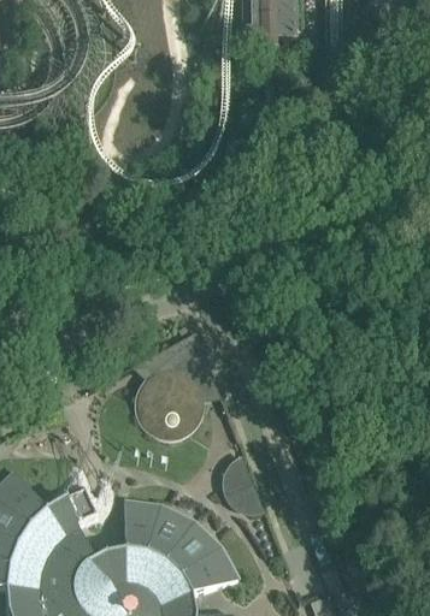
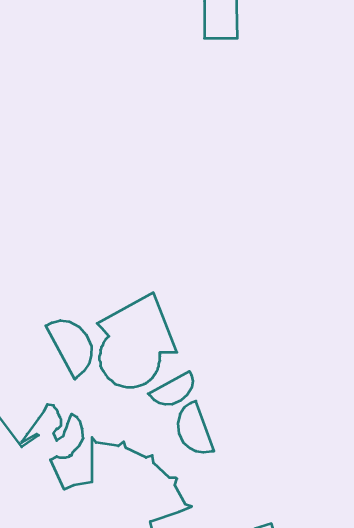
building: none -> [46,320,92,379]
building: none -> [148,371,193,404]

